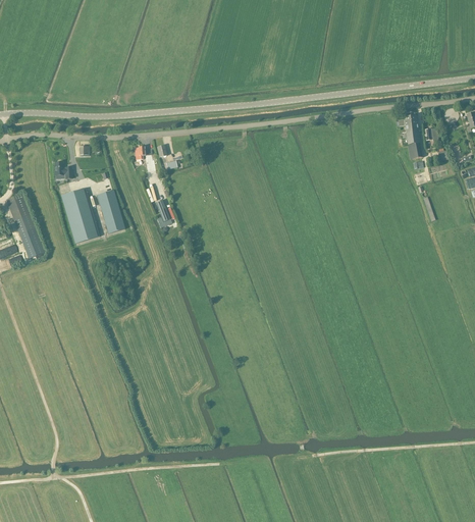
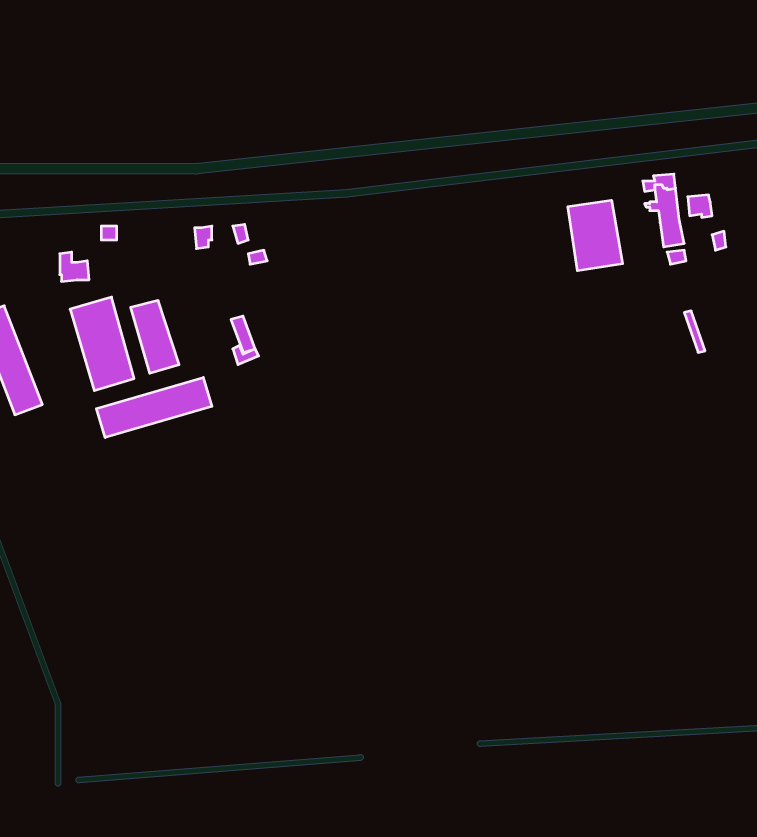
building: none -> [568,200,623,271]
building: none -> [96,377,212,438]

